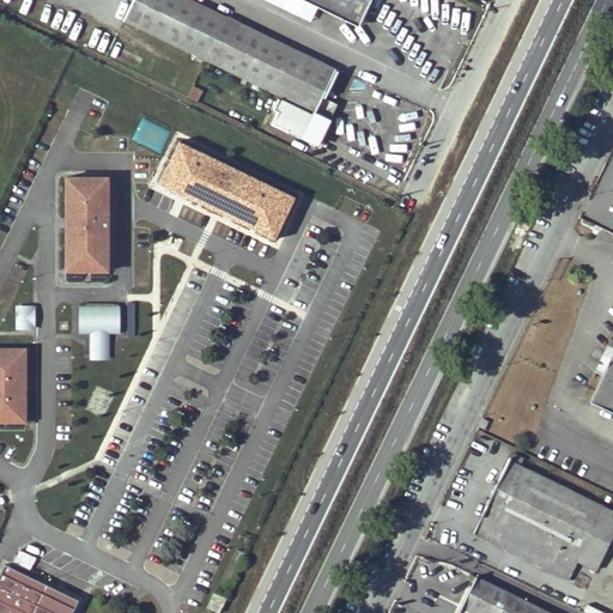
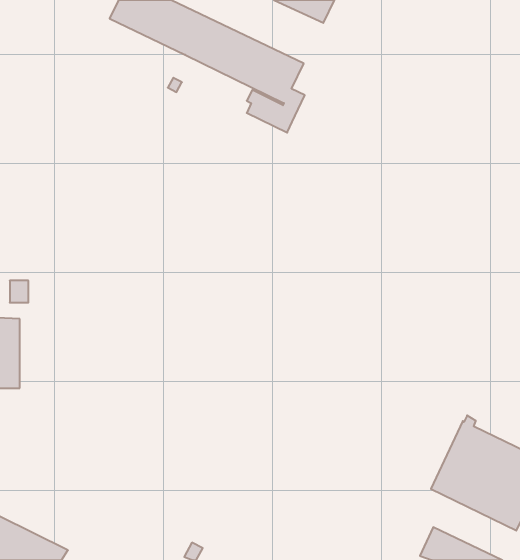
building: [160,142,297,243] -> none
building: [62,176,109,272] -> none
building: [79,306,120,360] -> none

